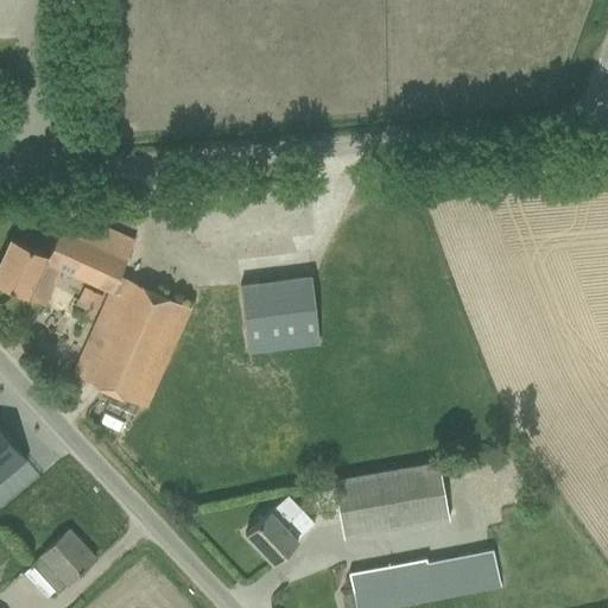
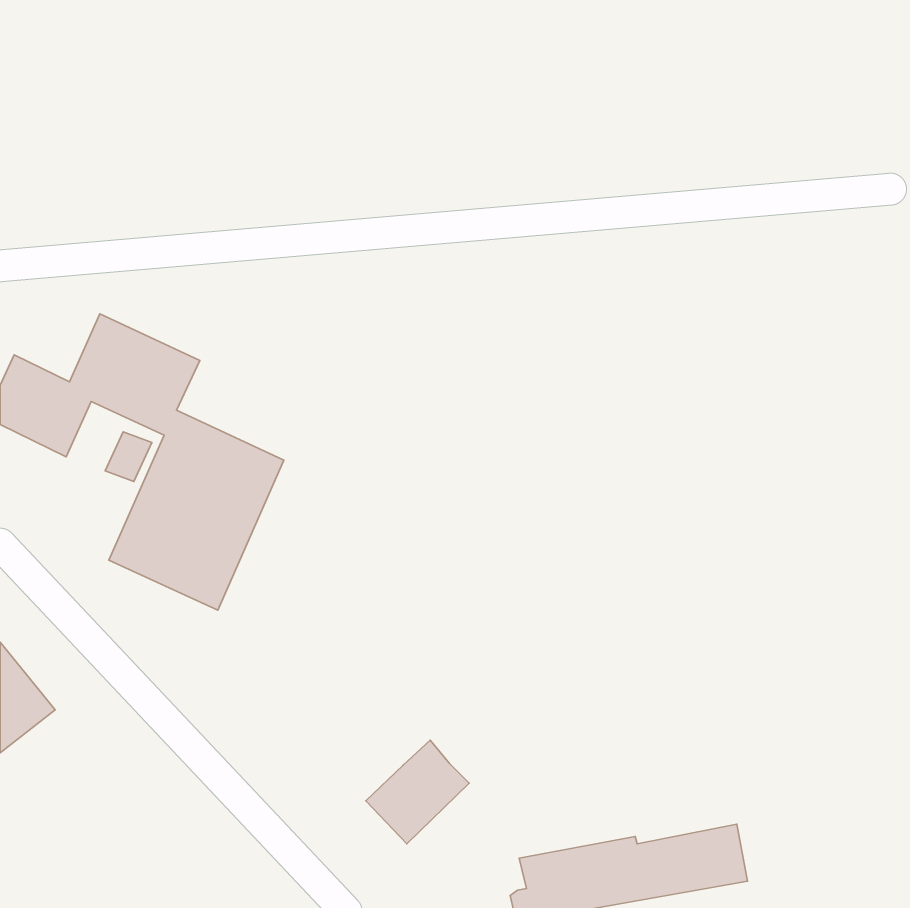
building: [240,278,318,353] -> none
building: [331,463,448,539] -> none
building: [21,531,95,600] -> none

